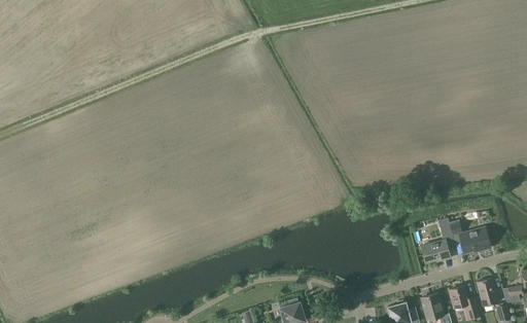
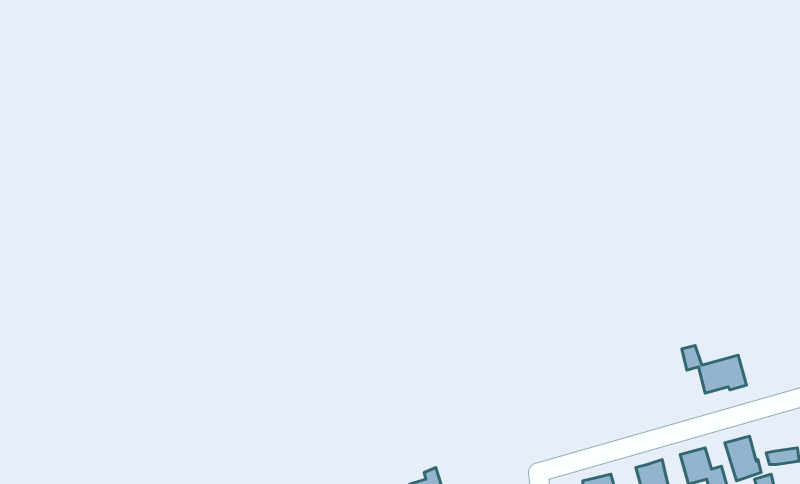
building: [422,221,455,261] -> none

